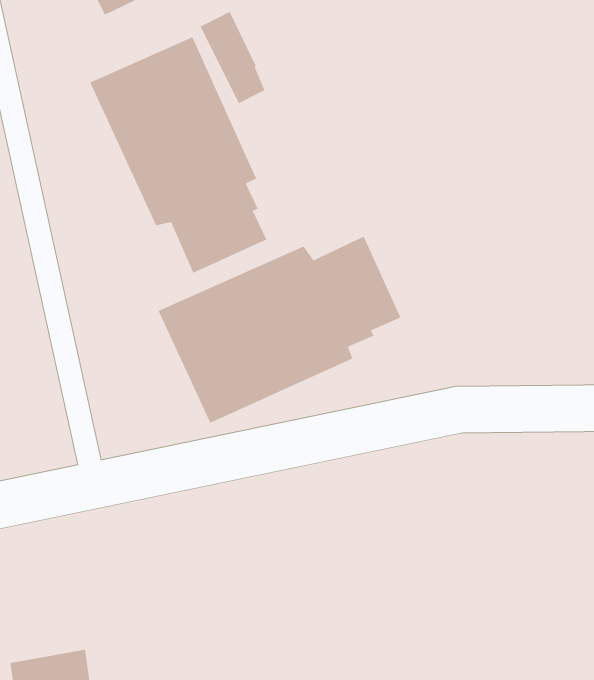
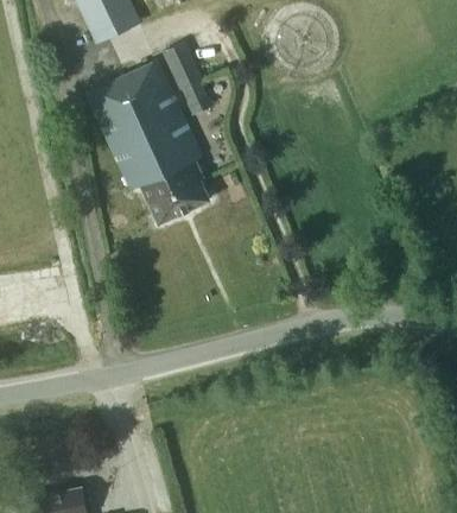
building: [158,236,401,424] -> none

